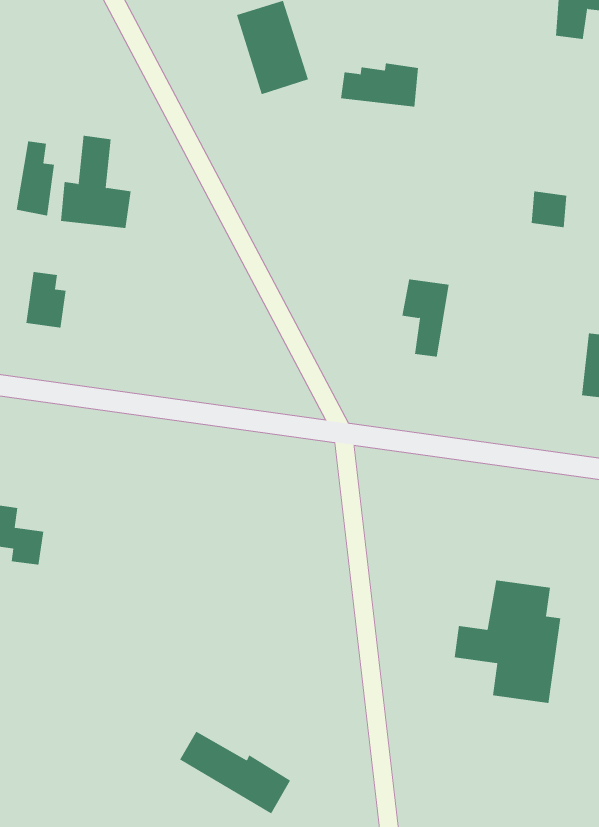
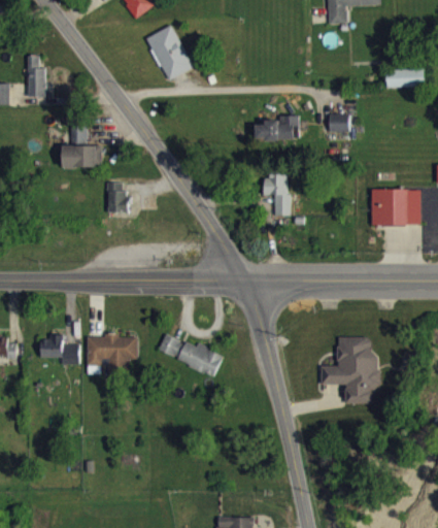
building: [340,63,419,107] -> [256,117,299,140]
building: [16,141,55,216] -> [27,56,45,97]
building: [25,271,66,328] -> [107,184,128,213]
building: none -> [87,336,137,374]
building: [179,731,291,814] -> [158,334,223,375]

